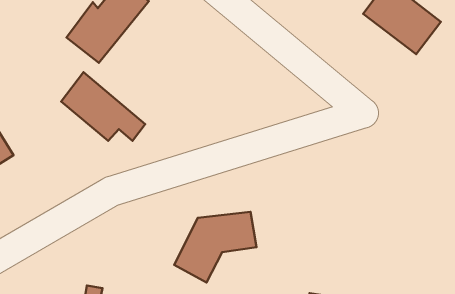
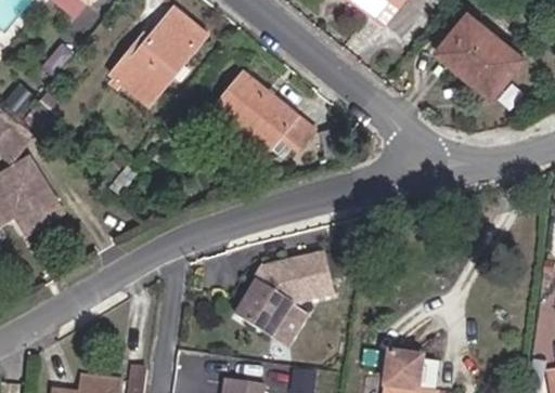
building: [61,72,145,141] -> [216,76,309,152]

